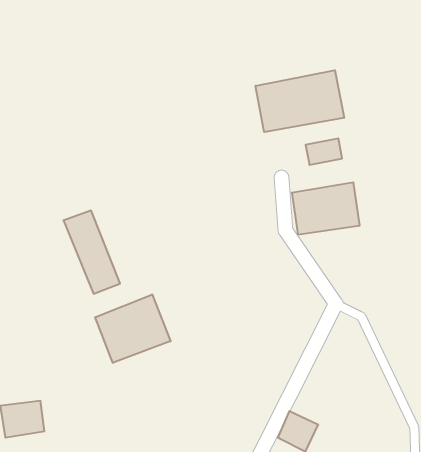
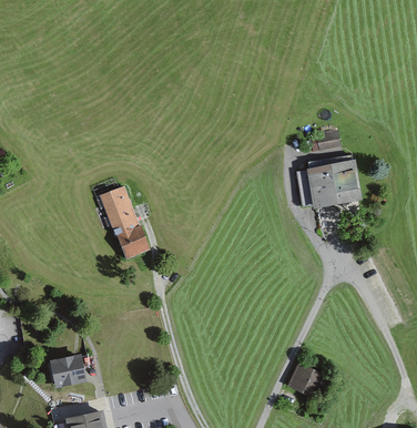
building: [256,70,344,132] -> none
building: [95,294,171,363] -> none

